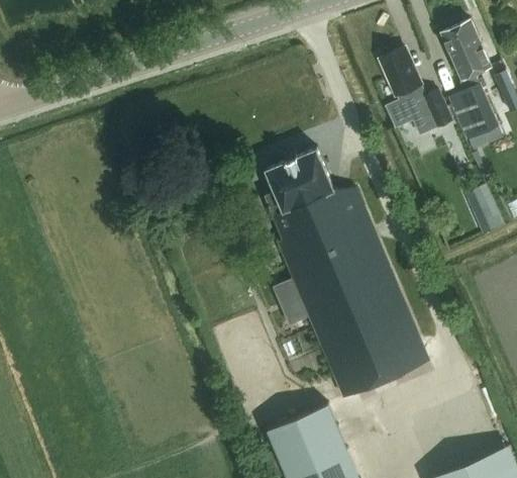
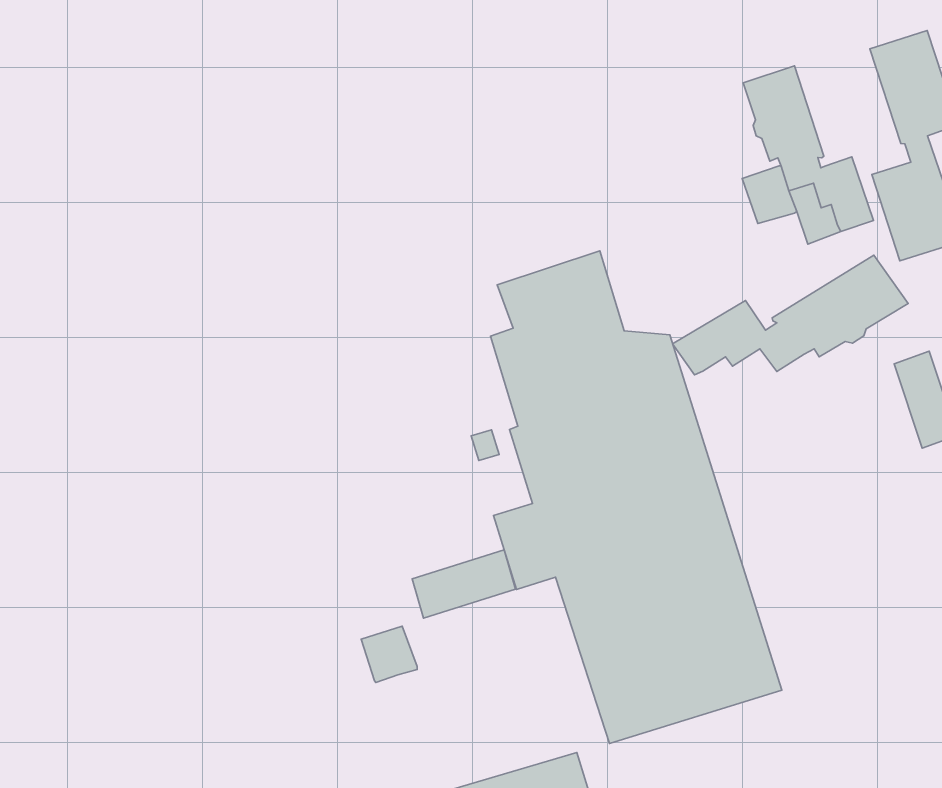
building: none -> [673,255,908,375]
building: none -> [412,550,515,618]
building: none -> [361,626,417,683]

